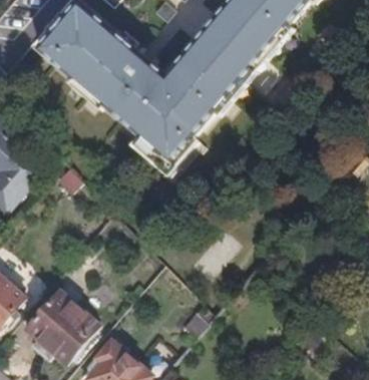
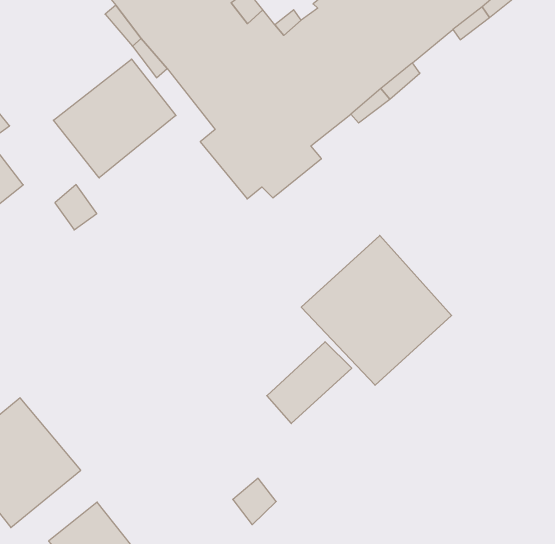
building: none -> [53,59,176,178]
building: none -> [301,235,452,385]

